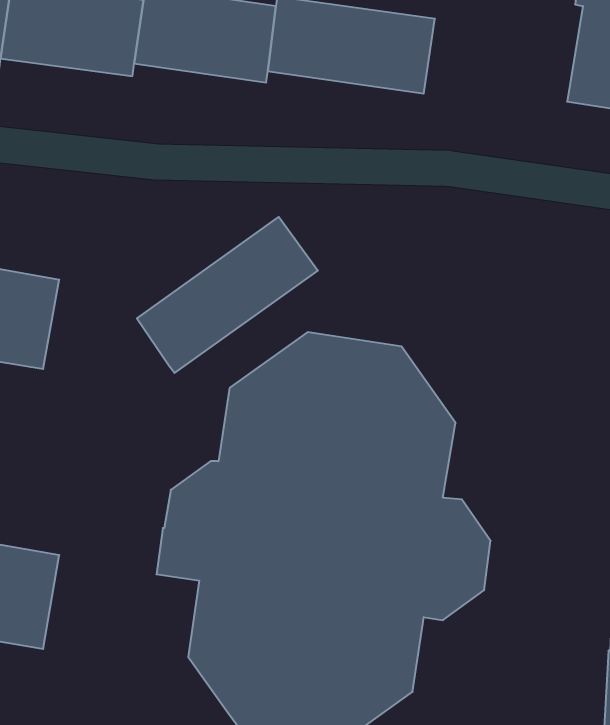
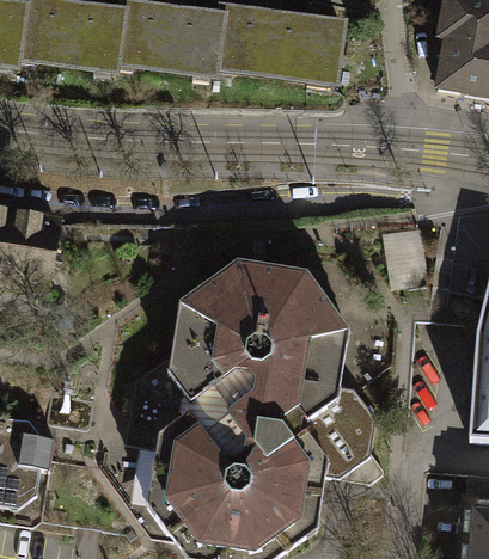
building: [137,217,318,373] -> none

